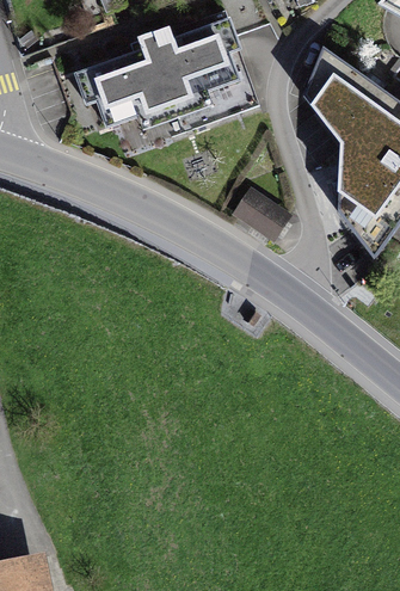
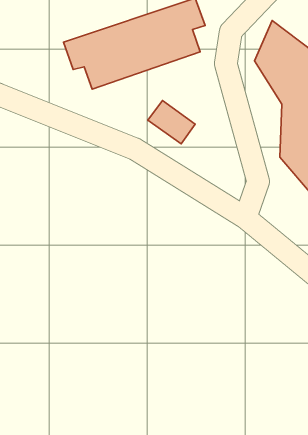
building: [240,186,297,239] -> [148,101,195,144]

